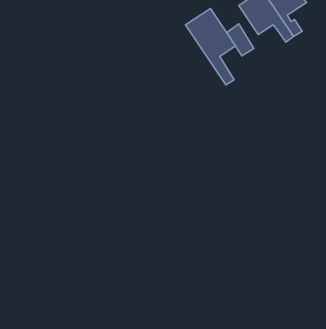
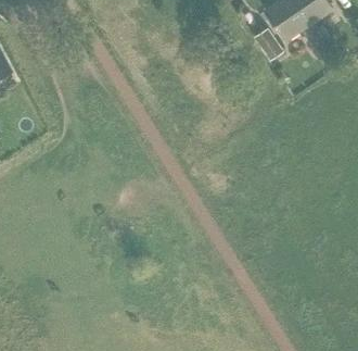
building: [185,9,235,85] -> none

